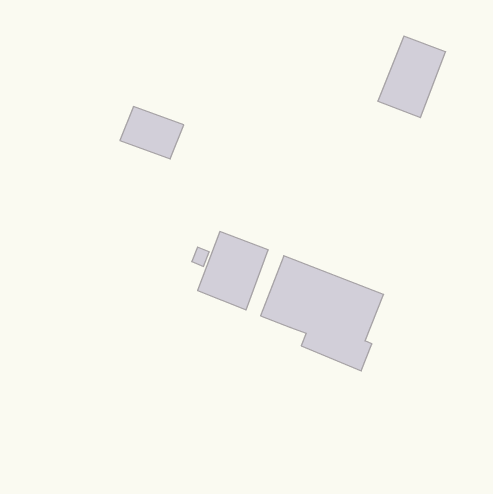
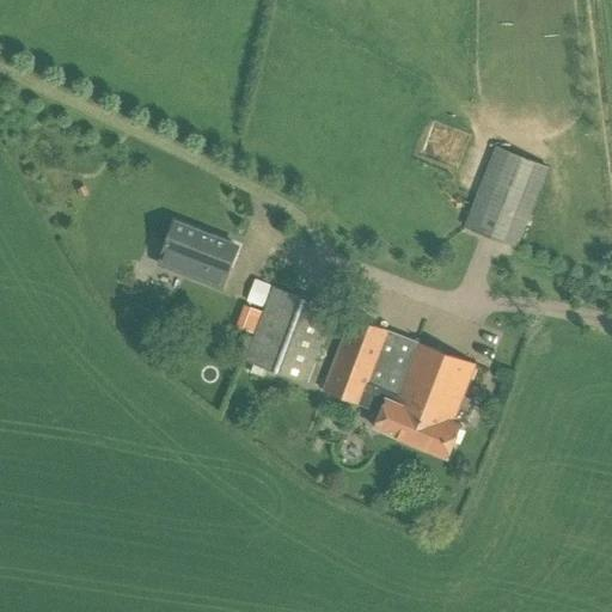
building: [378,36,446,118] -> [463,146,546,246]
building: [120,107,184,159] -> [157,222,235,287]

